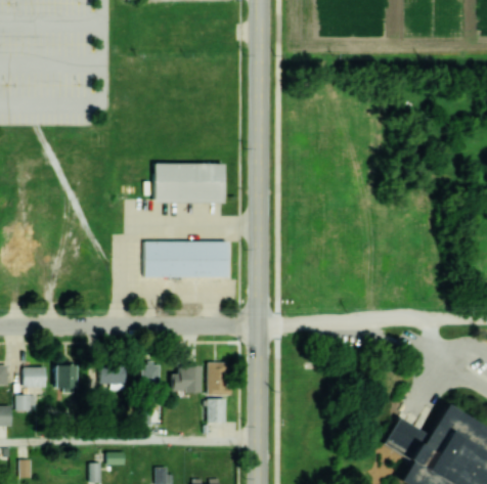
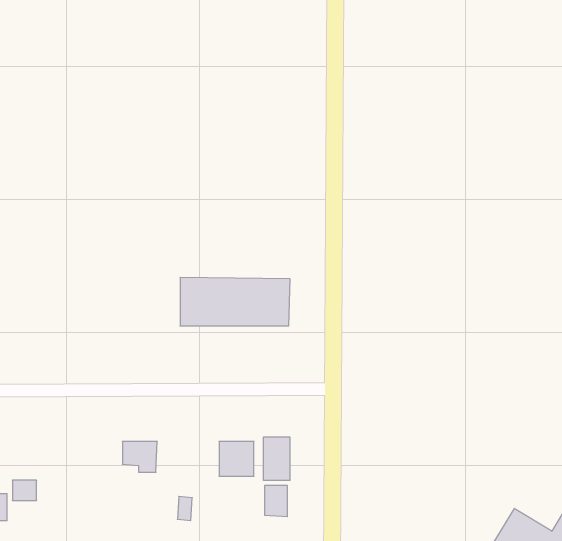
building: [154,163,224,203] -> none
building: [140,363,161,387] -> none
building: [55,364,76,388] -> none
building: [24,366,47,387] -> none

